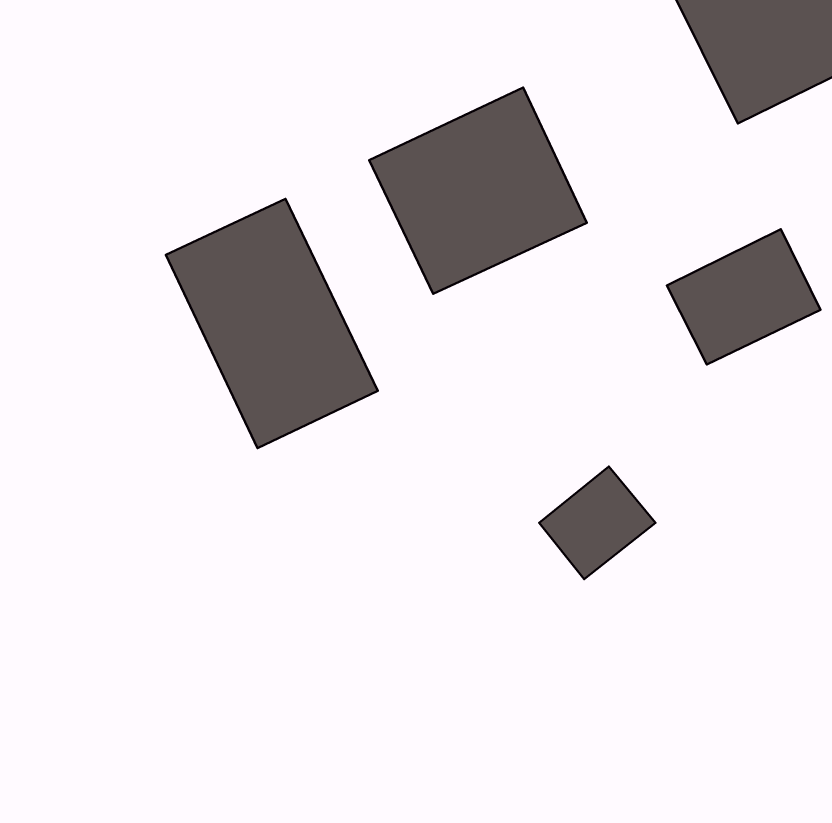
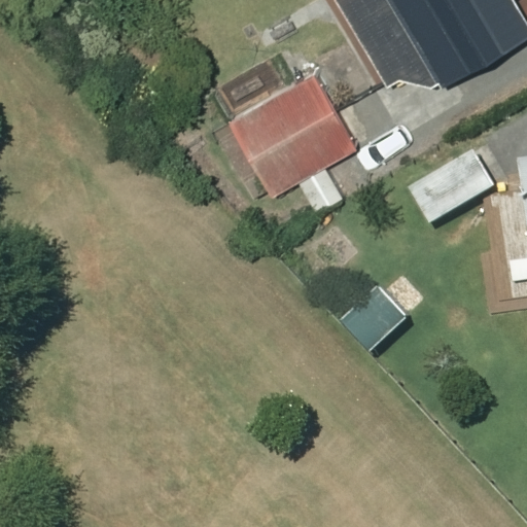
building: [166,199,378,448] -> none

